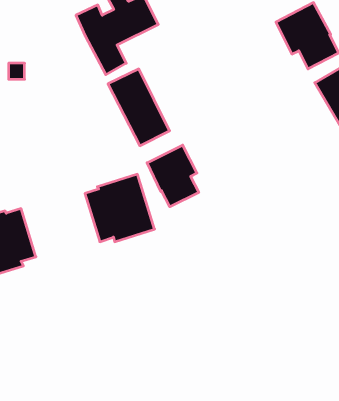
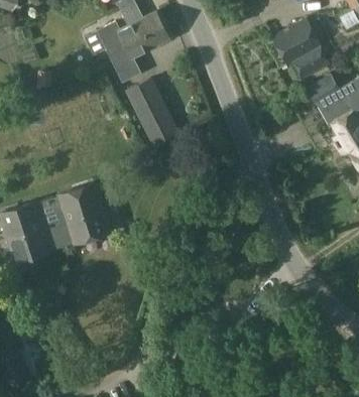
building: [147,145,199,207] -> none
building: [85,174,155,242] -> [48,183,110,243]

